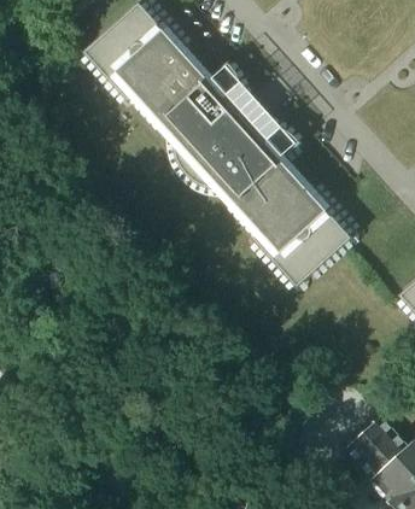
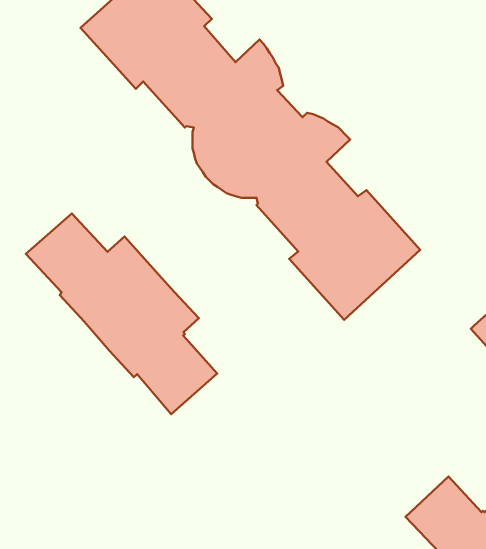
building: none -> [26,213,217,414]

